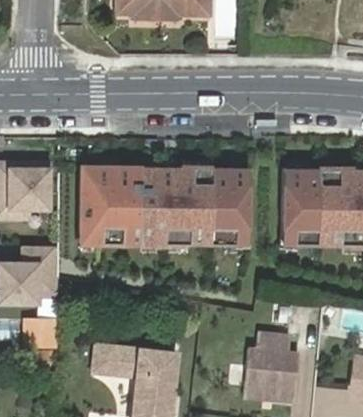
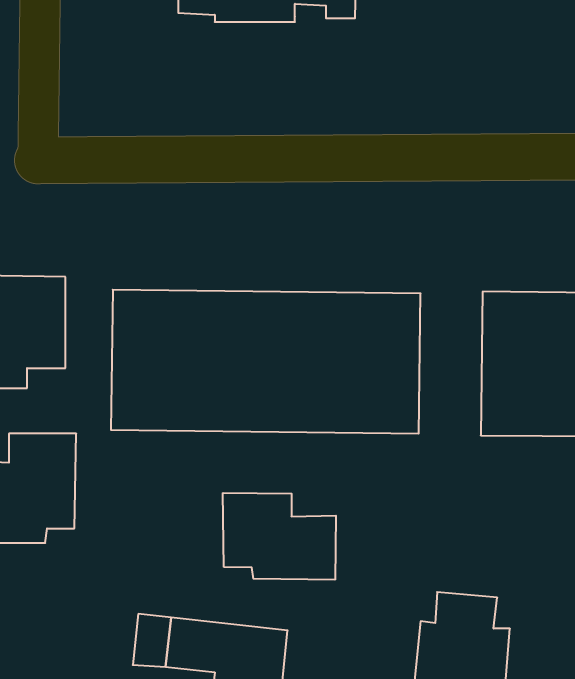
building: none -> [223,493,336,580]
building: [25,322,56,349] -> none

